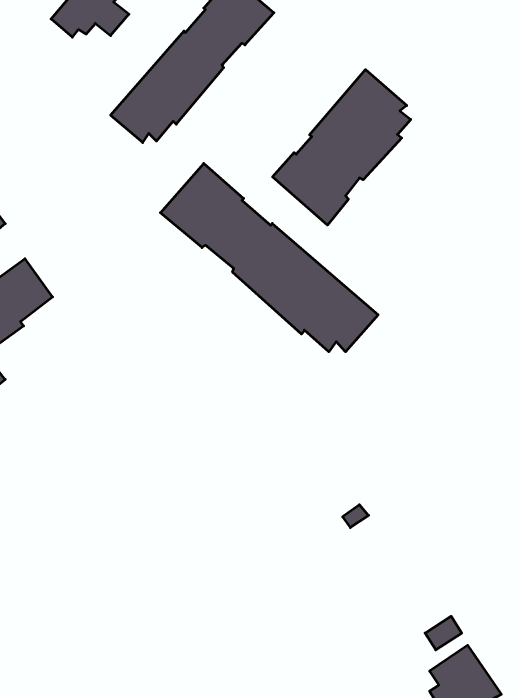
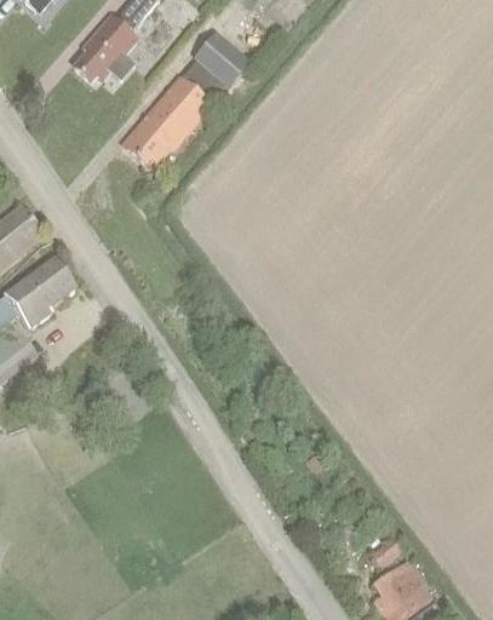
building: [273,70,411,225] -> none
building: [160,163,378,352] -> none

